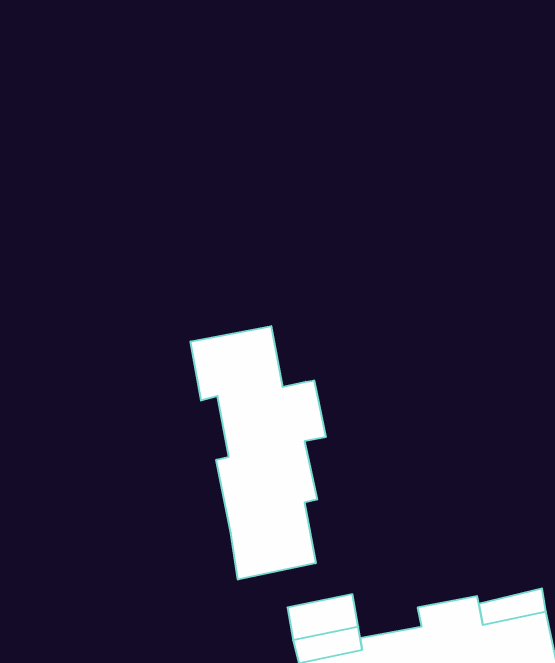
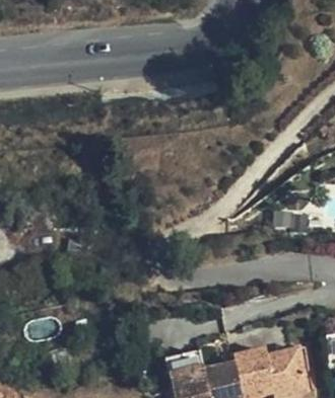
building: [191,326,326,580] -> none

